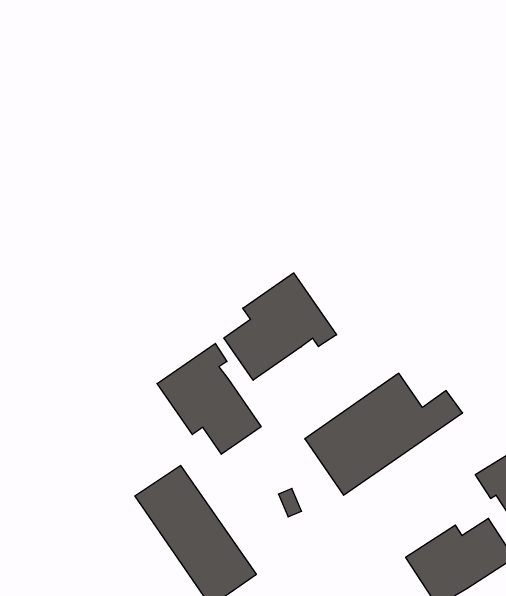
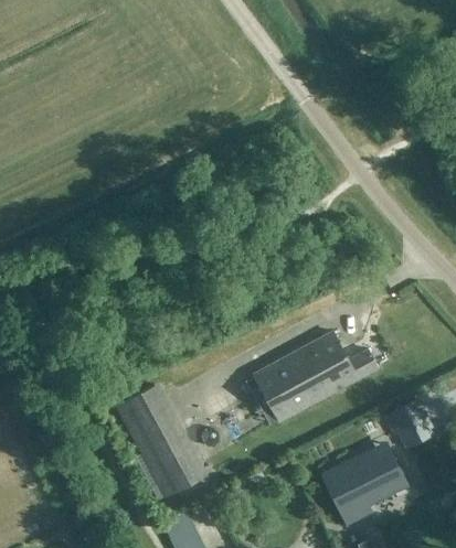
building: [224,273,337,380] -> none
building: [157,343,261,454] -> none

